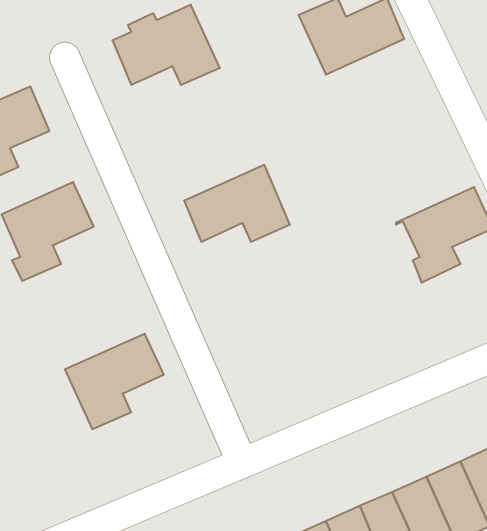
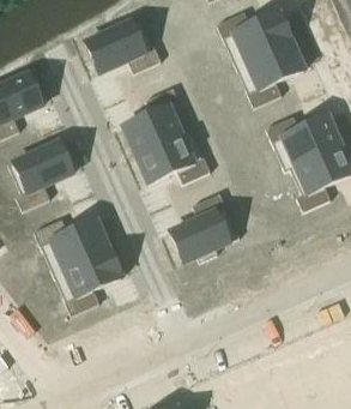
building: none -> [236,40,304,107]
building: none -> [123,86,193,154]
building: none -> [266,115,340,169]
building: none -> [170,192,240,261]
building: none -> [35,218,109,272]

